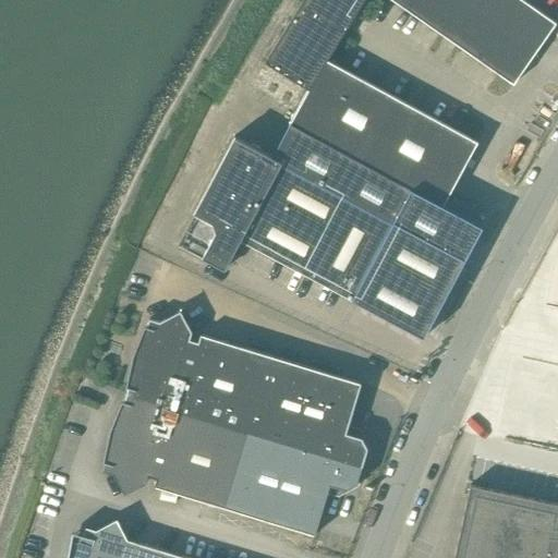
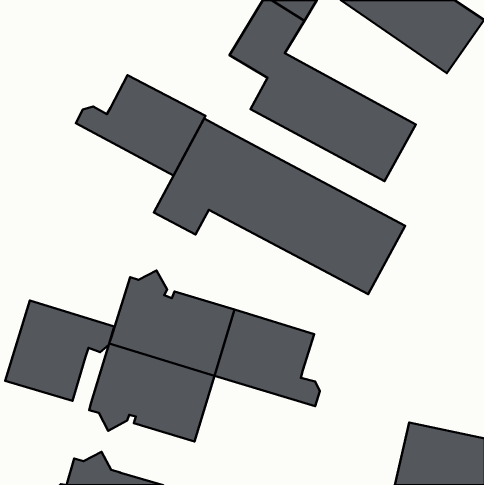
building: none -> [76,75,205,175]
building: [272,125,482,259] -> none
building: none -> [5,301,114,401]
building: [225,432,363,535] -> none

